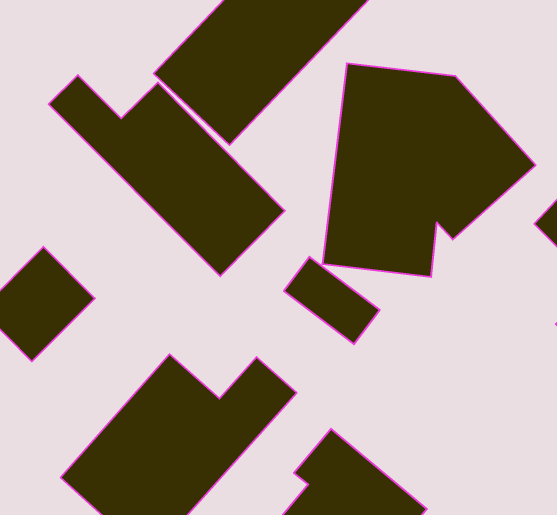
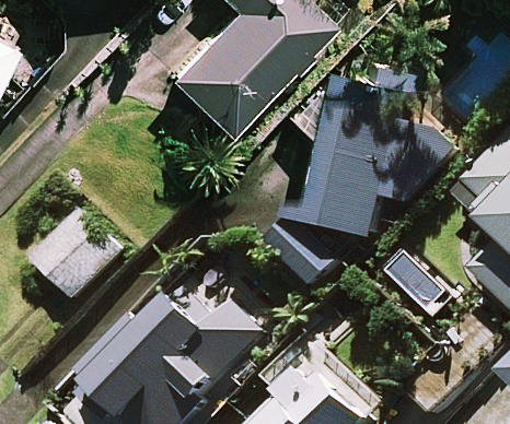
building: [49,75,285,276] -> none

